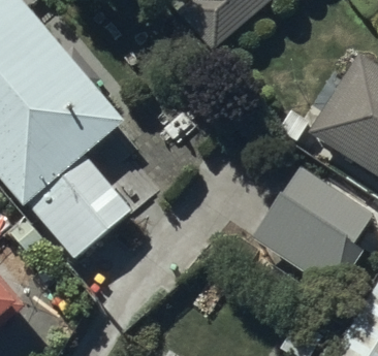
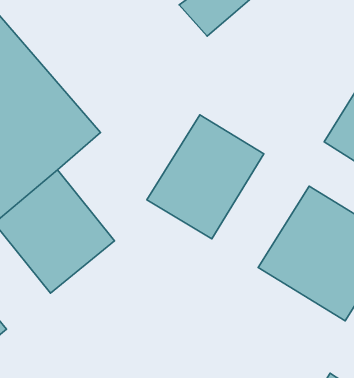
building: none -> [147,115,264,239]

